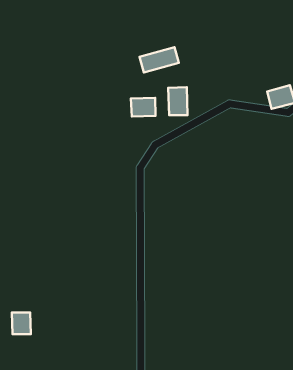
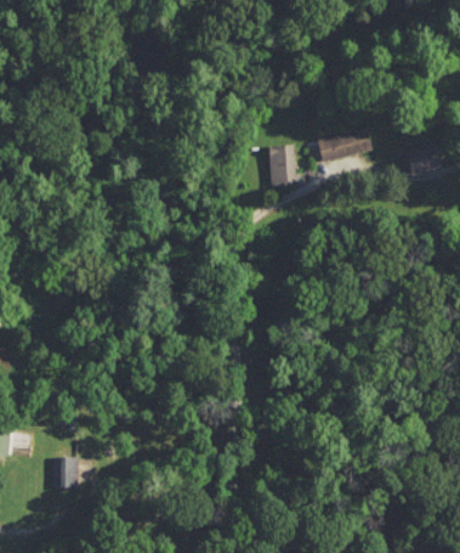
building: [139,47,179,72] -> [316,129,370,164]
building: [131,98,156,117] -> none

